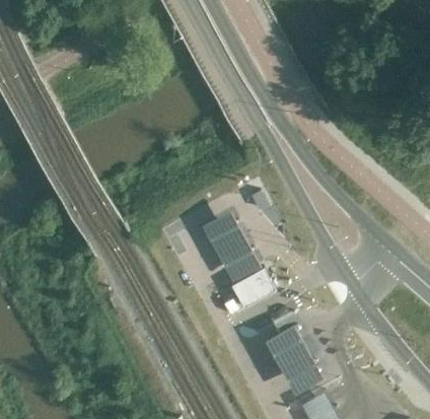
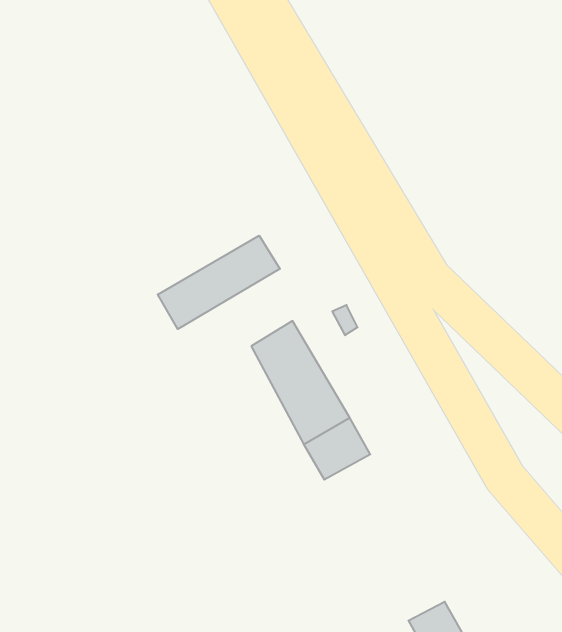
building: none -> [158,236,280,329]
building: [262,317,324,392] -> none

